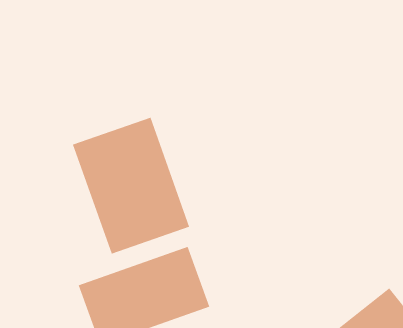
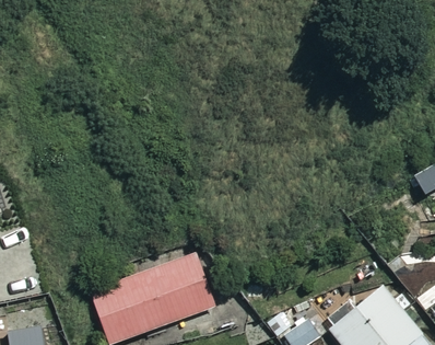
building: [72,117,190,255] -> none

